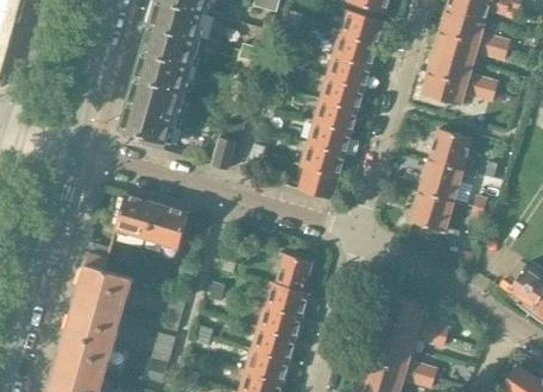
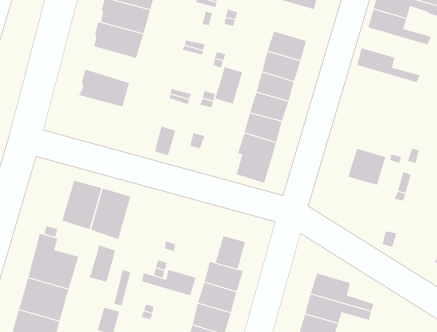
building: [340,11,383,45] -> none
building: [434,31,506,63] -> none
building: [139,50,192,90] -> none
building: [422,71,494,105] -> none
building: none -> [215,67,243,104]
building: [121,103,178,150] -> none
building: [429,128,471,170] -> none
building: [411,191,452,230] -> none
building: none -> [89,244,116,282]
building: none -> [141,269,196,296]

